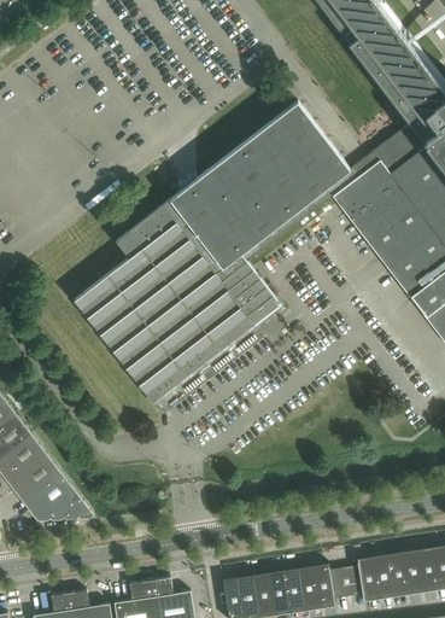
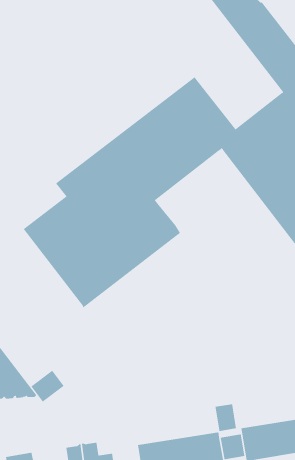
building: none -> [31,370,64,403]
building: none -> [215,403,236,432]

